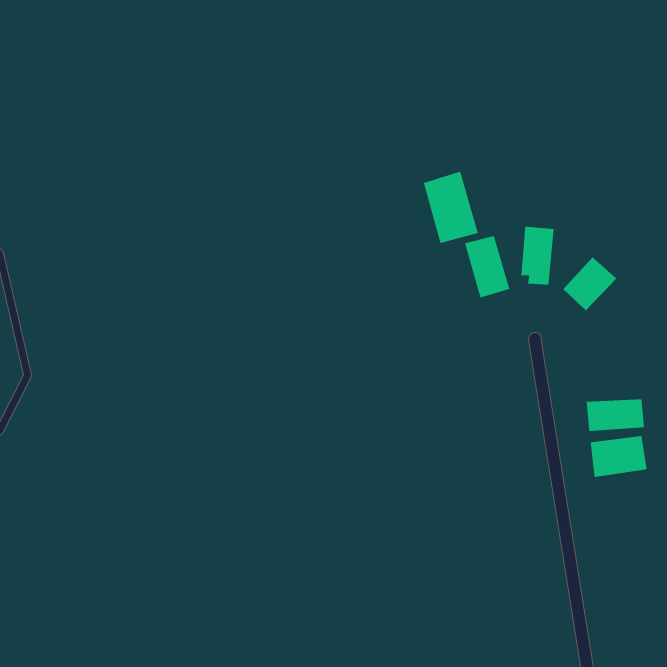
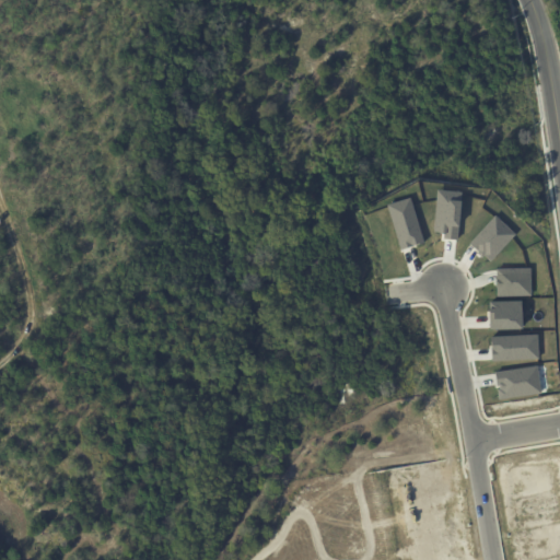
building: [423,171,478,244] -> none
building: none -> [495,267,530,295]
building: none -> [489,300,524,328]

